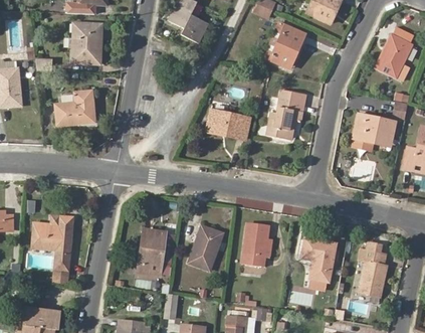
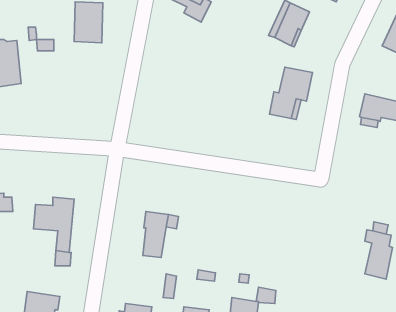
building: [56,93,93,126] -> none
building: [207,112,248,139] -> none
building: [241,224,268,266] -> none
building: [189,226,221,270] -> none
building: [300,237,336,282] -> none

